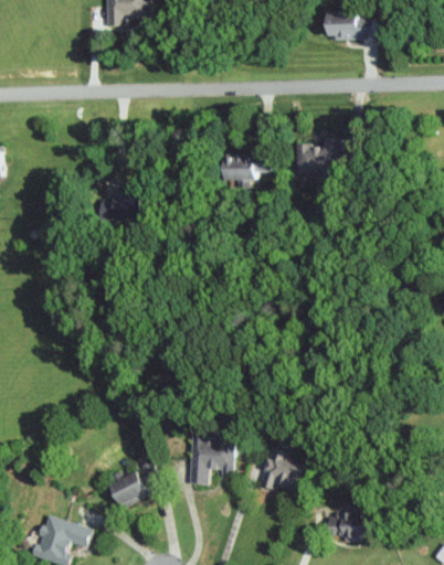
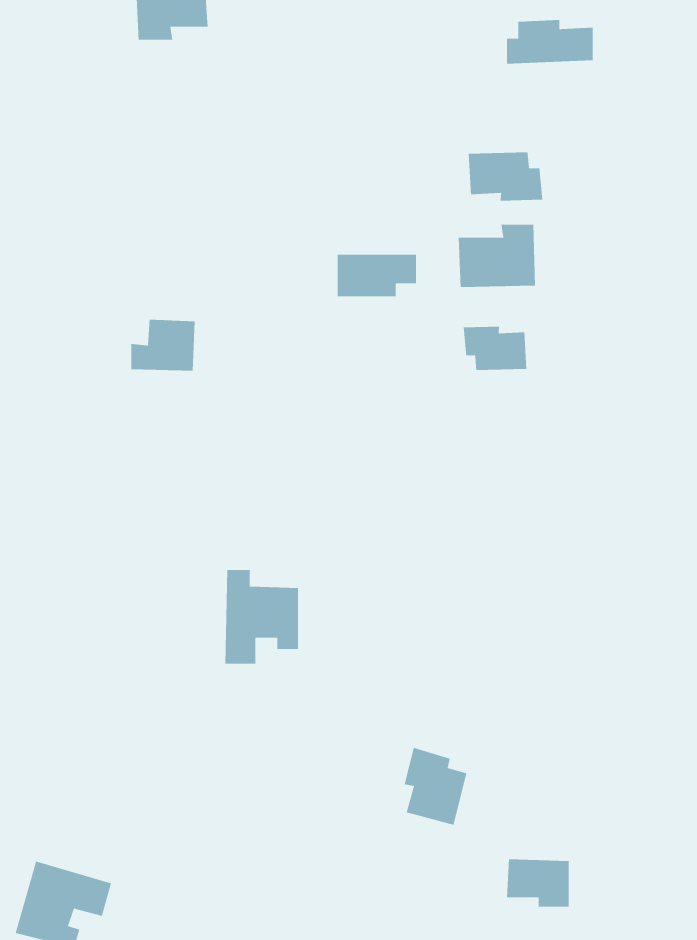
building: none -> [468,151,543,201]
building: none -> [463,326,527,371]
building: [190,427,234,483] -> [224,569,299,664]
building: [106,471,152,507] -> none

